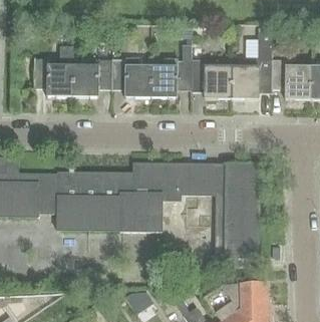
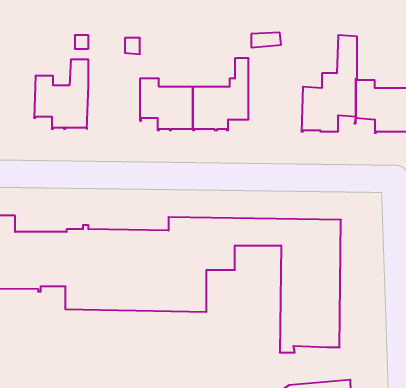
building: [192,44,232,98] -> none
building: [72,59,111,96] -> none

